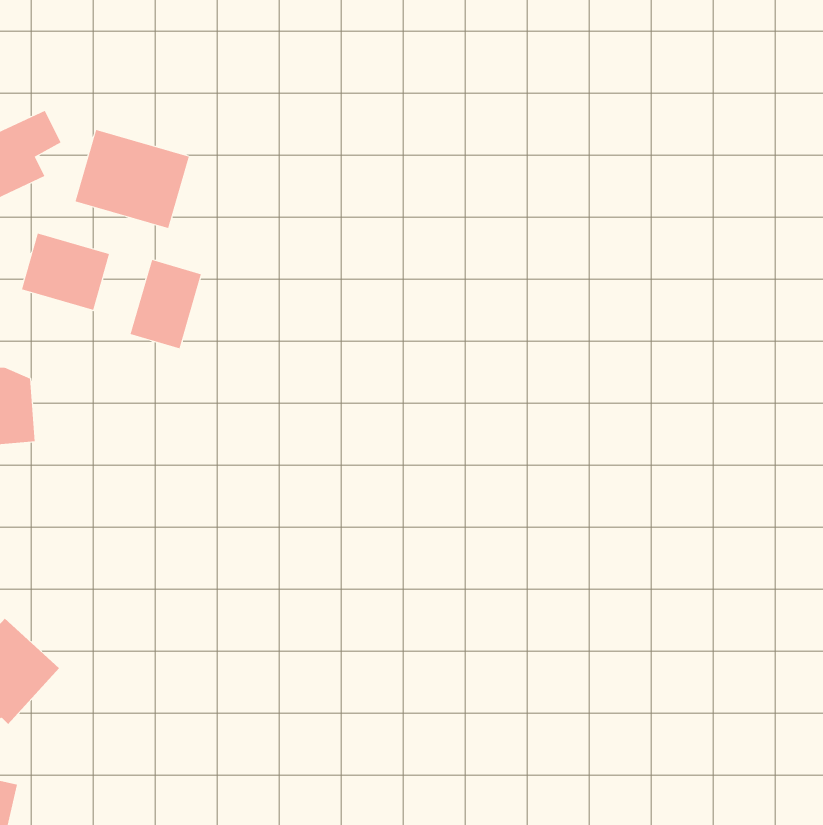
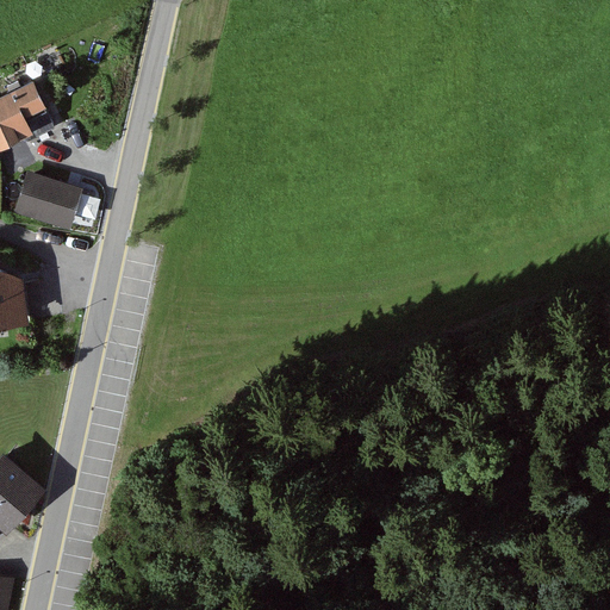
building: [75,129,190,229] -> none
building: [130,259,202,349] -> none

